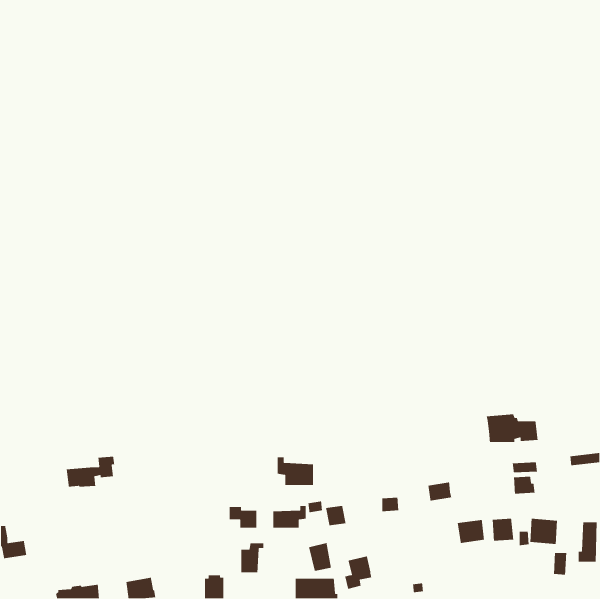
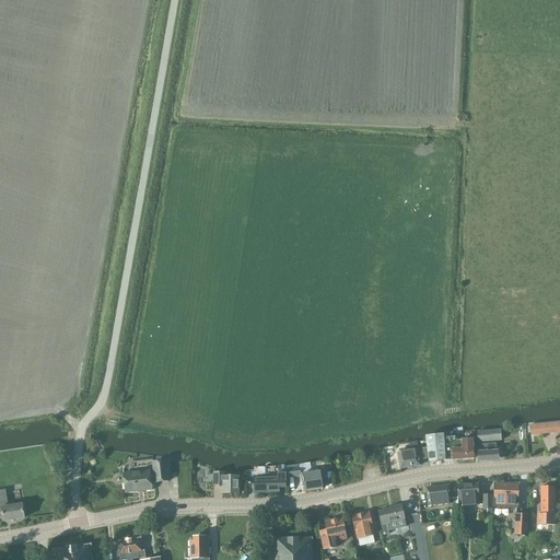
building: [486,414,539,443] -> [425,432,475,459]
building: [66,456,115,488] -> [124,460,170,490]
building: [277,456,314,486] -> none
building: none -> [378,504,407,534]
building: [308,542,332,572] -> [352,511,374,538]
building: [241,543,264,573] -> none

